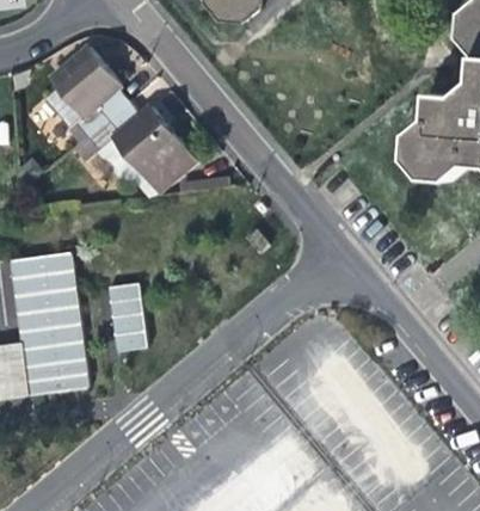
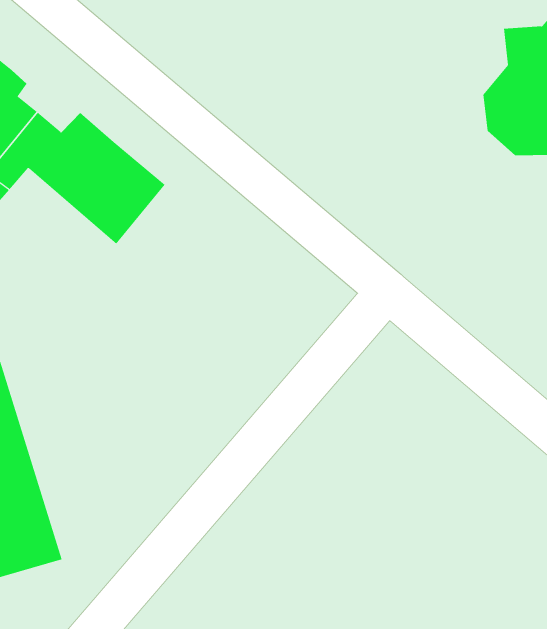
building: [109,284,149,352] -> none

